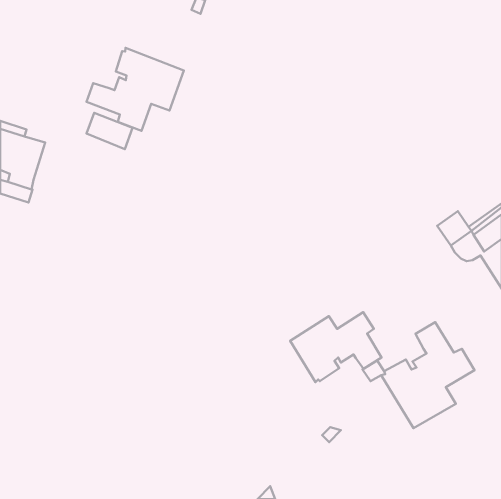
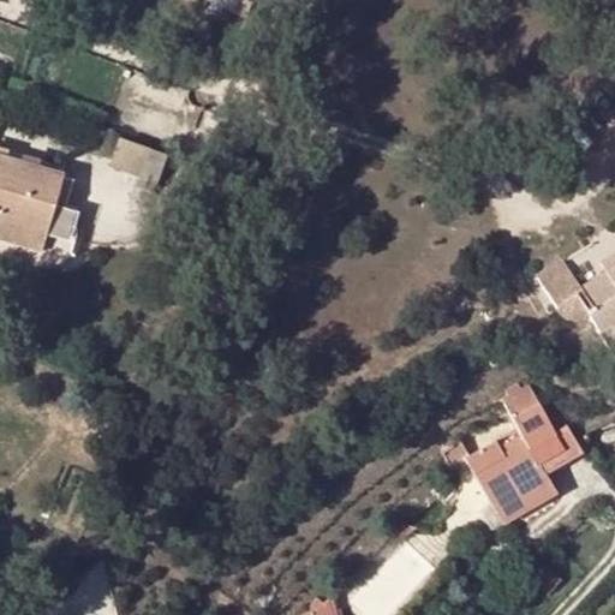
building: [86,48,184,131] -> none
building: none -> [40,174,73,240]
building: [290,312,382,382] -> none

